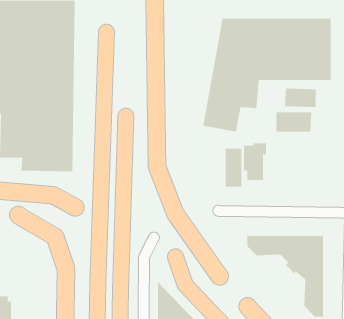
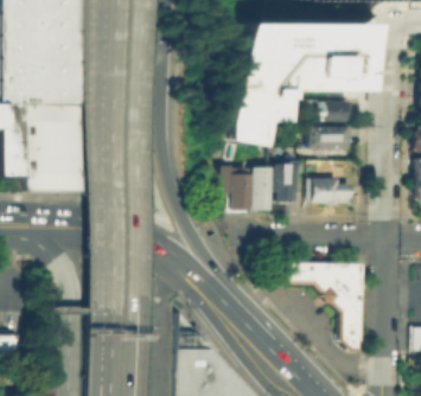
building: none -> [222,165,250,210]
building: none -> [310,177,350,204]

